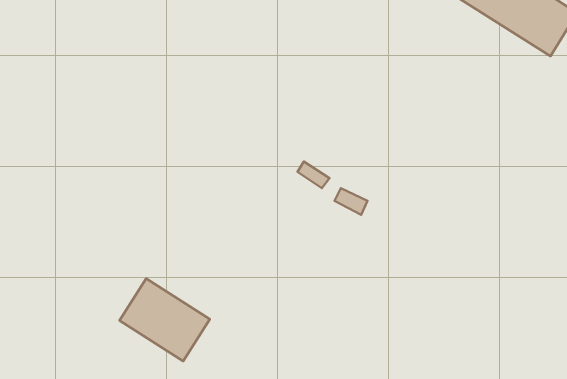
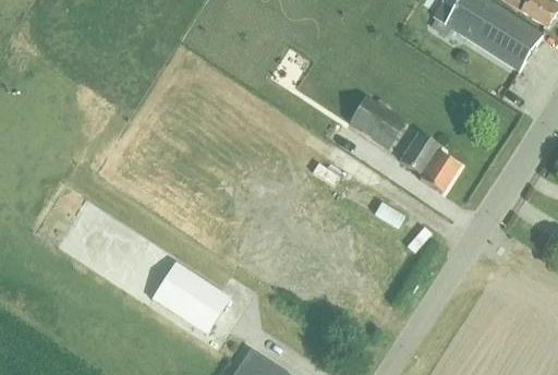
building: none -> [349,96,403,146]
building: none -> [399,131,459,192]

